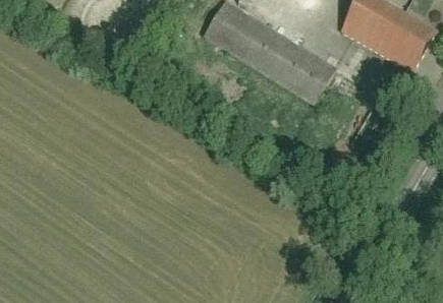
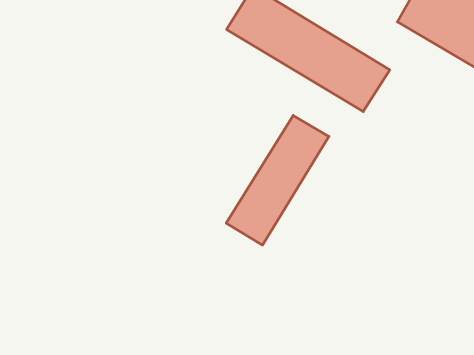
building: none -> [226,115,329,245]

